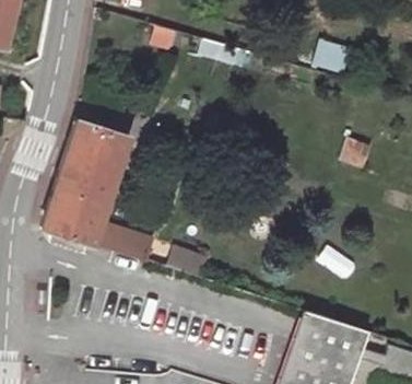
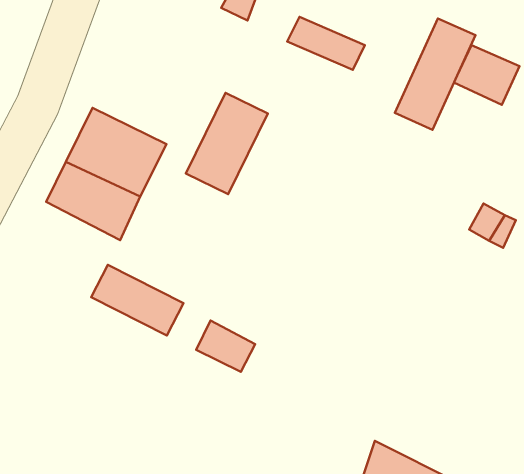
building: none -> [395,18,475,130]
building: none -> [186,93,268,194]
building: [44,184,109,242] -> none

